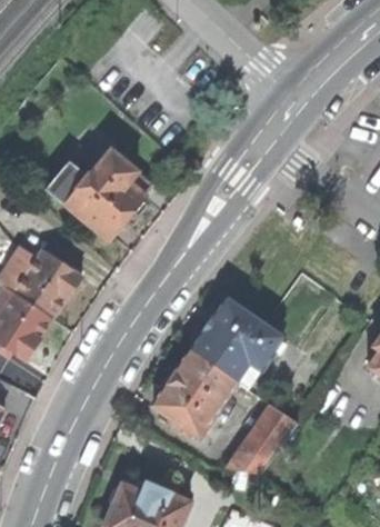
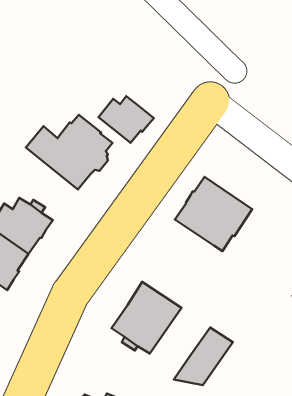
building: none -> [99,96,154,143]
building: [187,300,279,389] -> [175,177,252,251]

